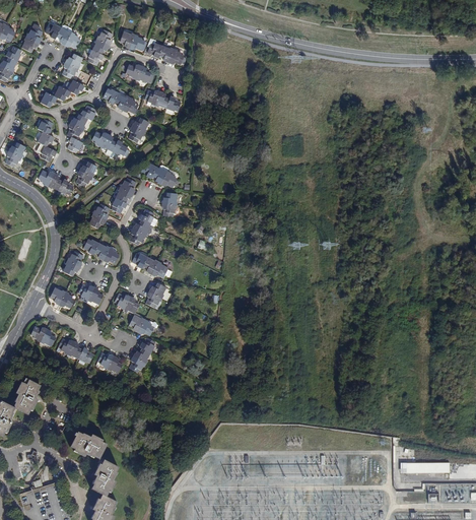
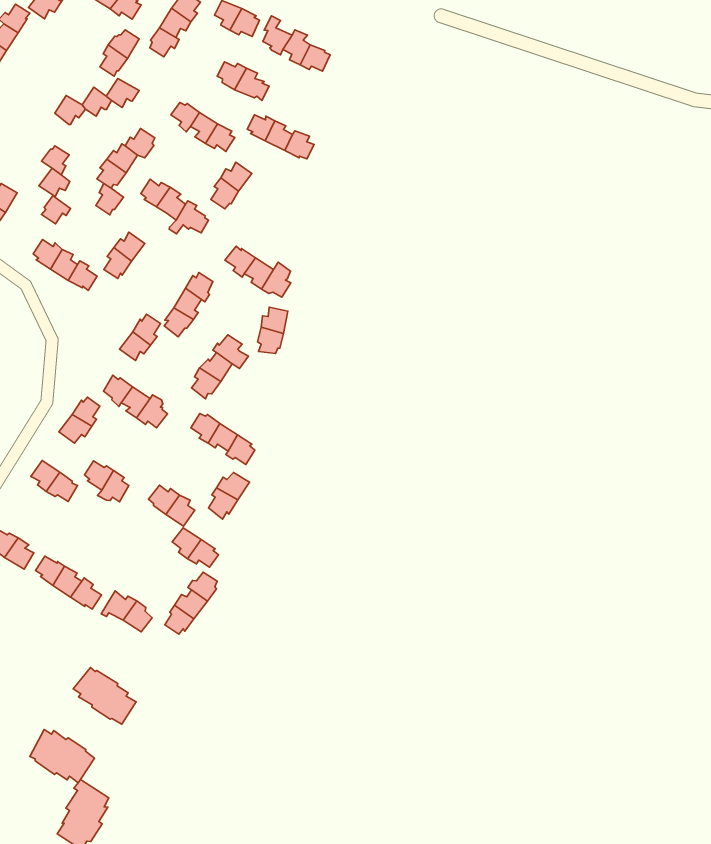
building: none -> [73,667,136,724]

